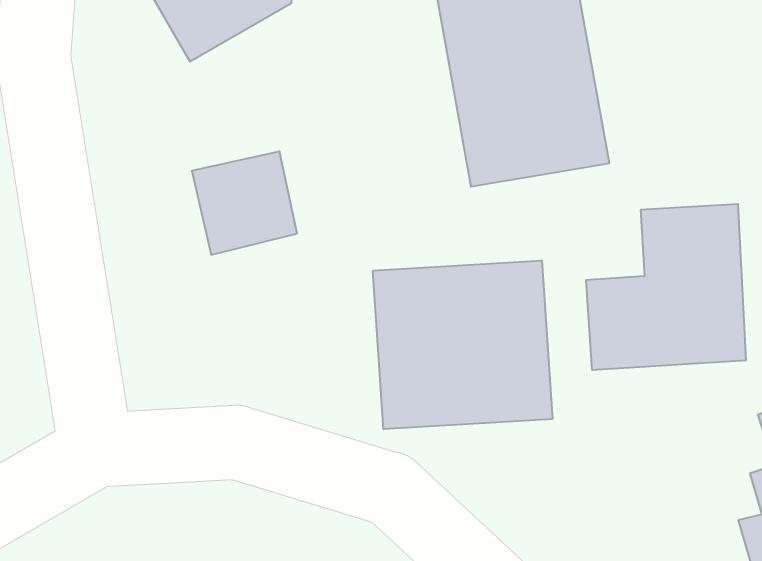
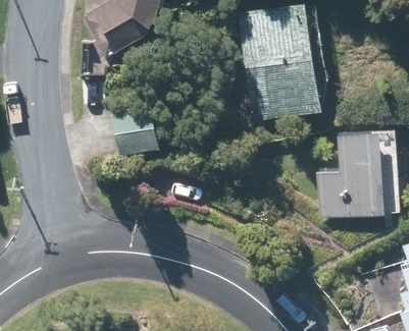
building: [373,260,552,429] -> none

